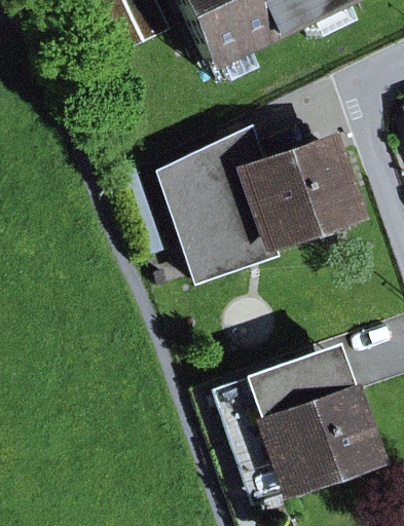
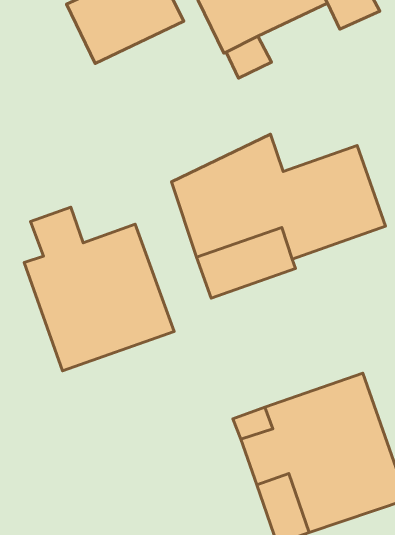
building: none -> [24,207,174,371]

